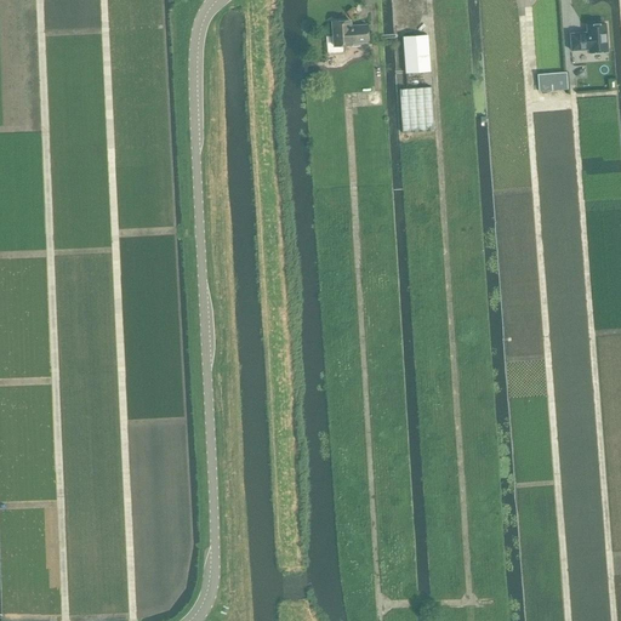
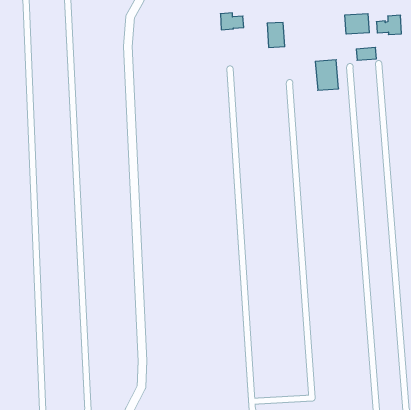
building: none -> [345,14,369,34]
building: [399,86,434,132] -> [315,60,339,90]

